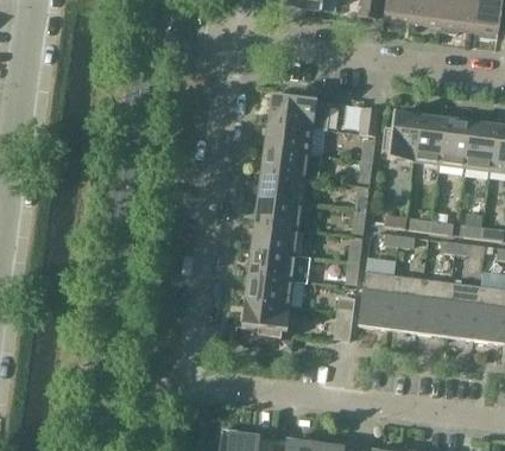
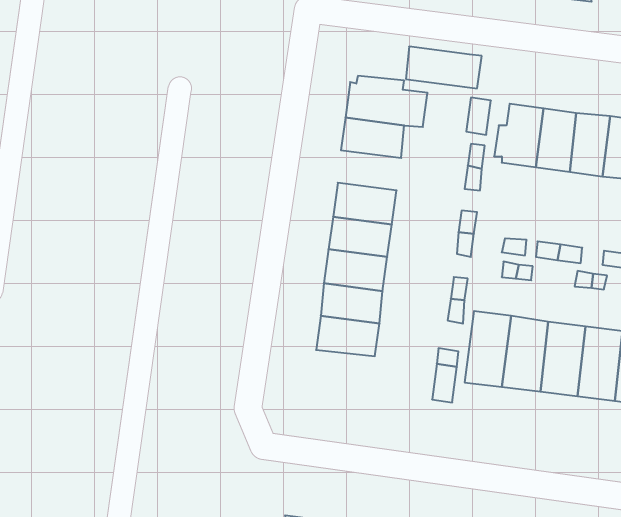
building: [261,147,320,179] -> [406,47,482,88]
building: [241,300,290,337] -> none

